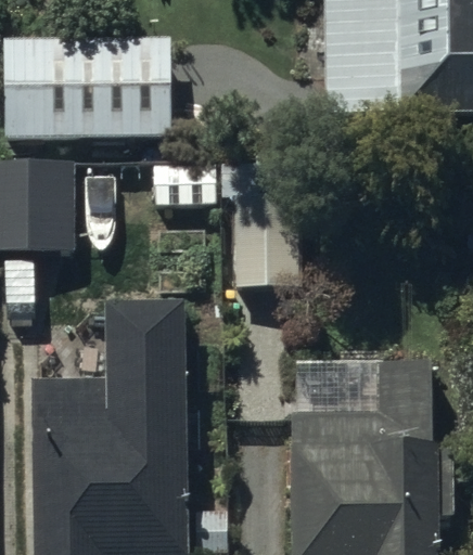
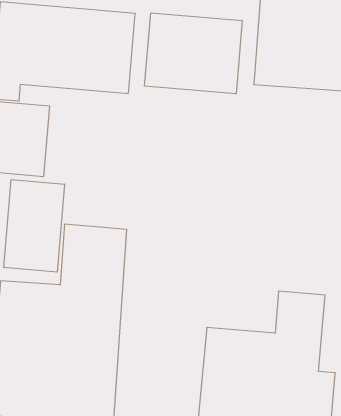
building: none -> [145,13,242,94]
building: none -> [4,180,65,272]

